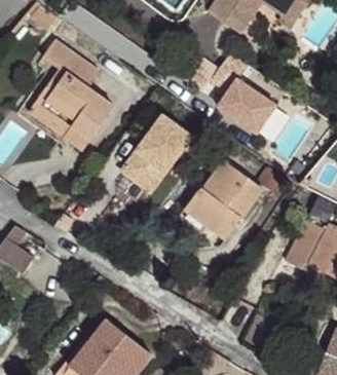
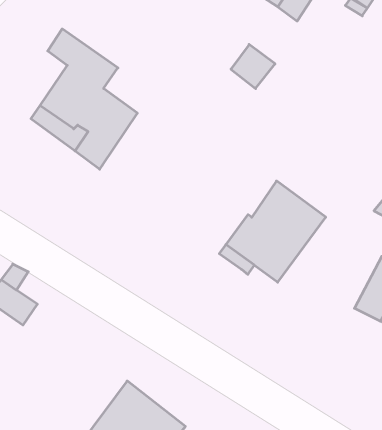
building: [213,73,277,134] -> none
building: [122,116,191,192] -> none

